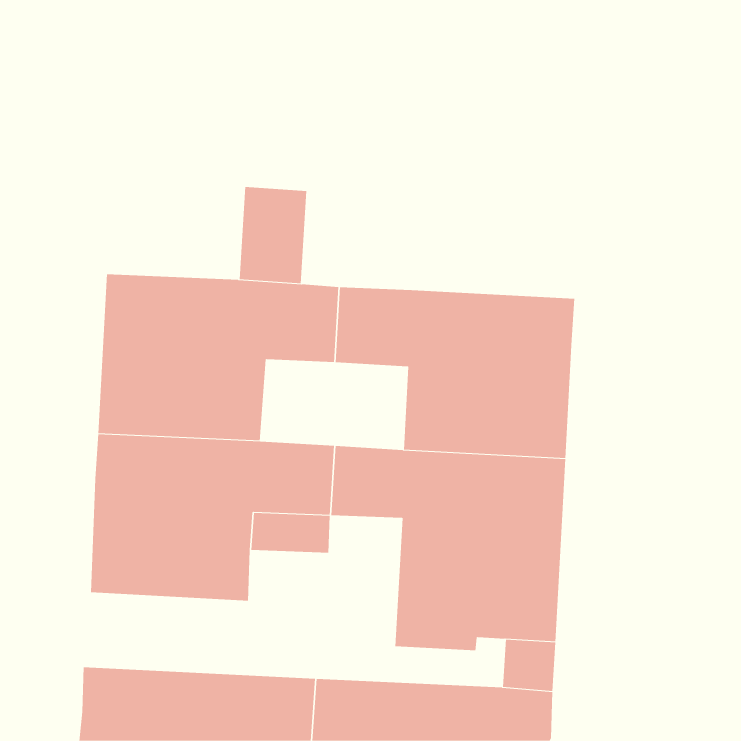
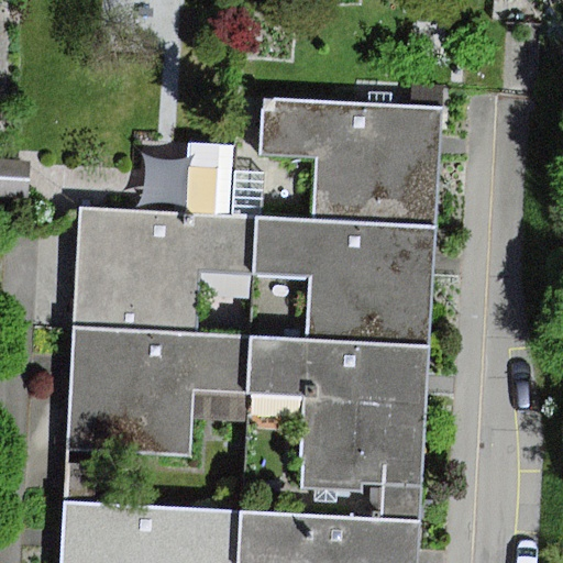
building: none -> [257,99,441,225]

